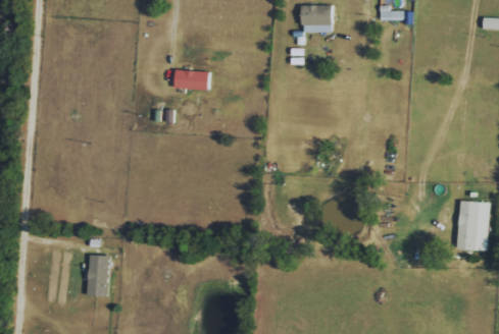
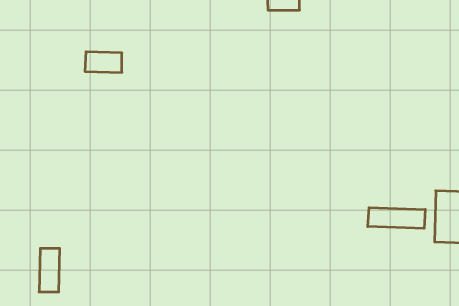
building: [174,69,209,89] -> [85,52,122,72]
building: none -> [368,208,425,228]

